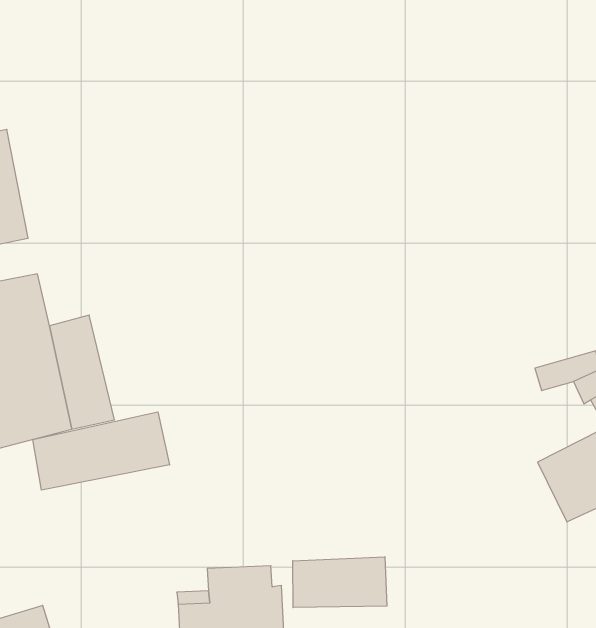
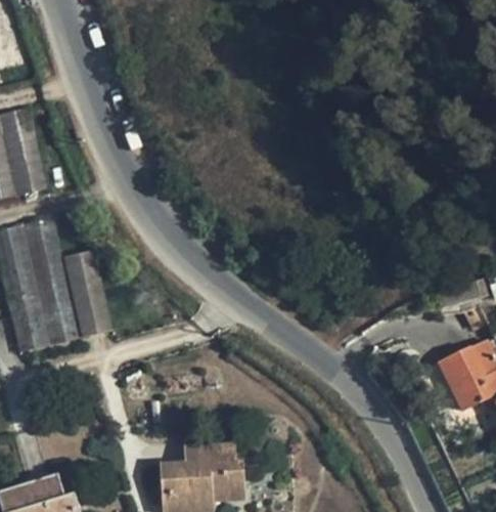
building: [33,412,169,490] -> none
building: [293,557,387,608] -> none

